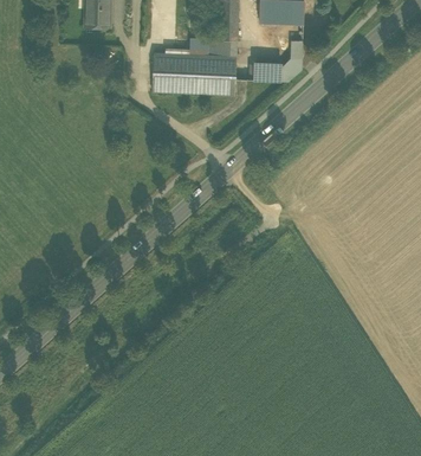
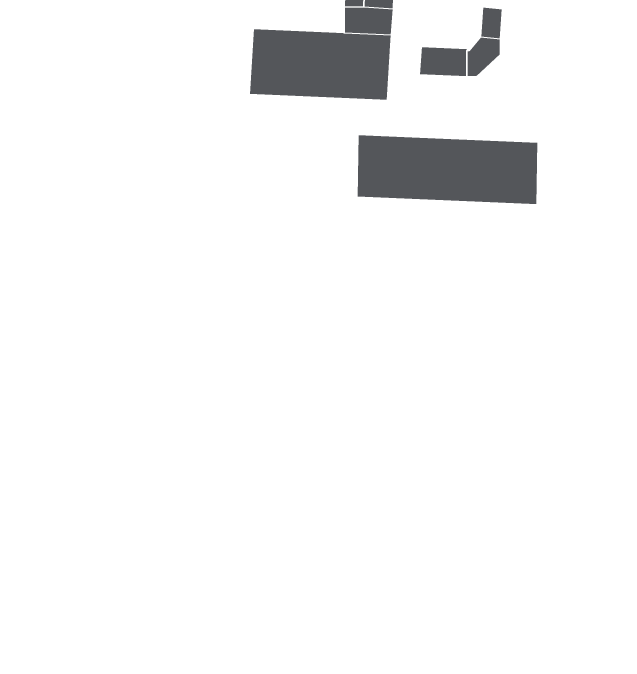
building: none -> [357,134,538,205]

